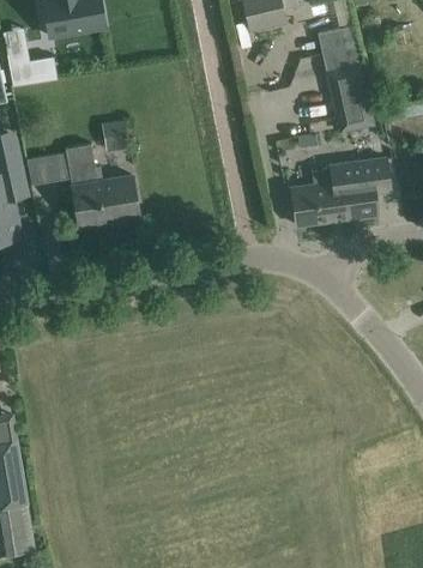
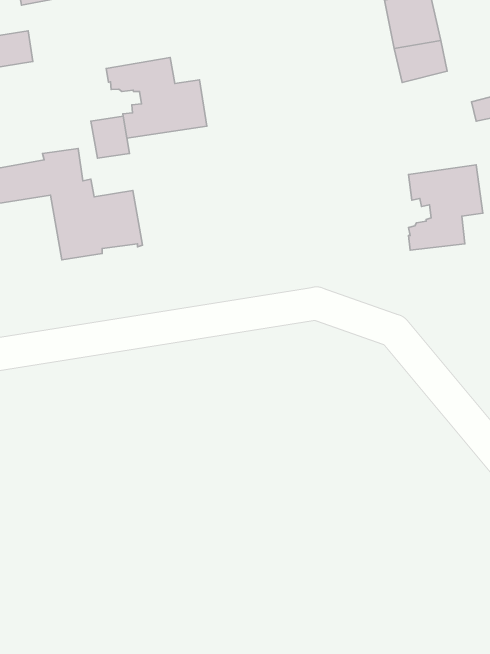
building: none -> [106,57,207,138]
building: [332,86,375,133] -> none
building: [291,163,353,225] -> none

